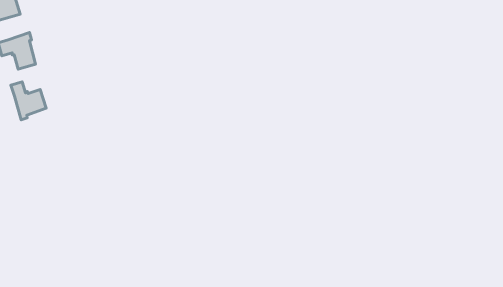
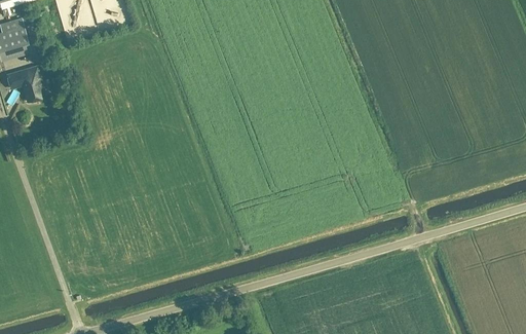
building: [11,82,46,120] -> none

